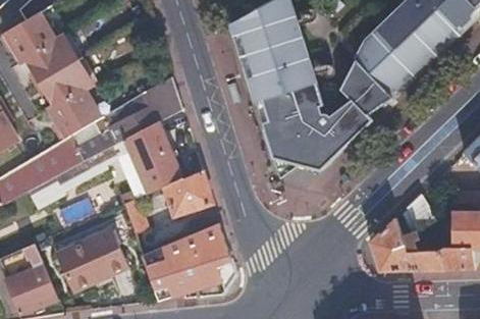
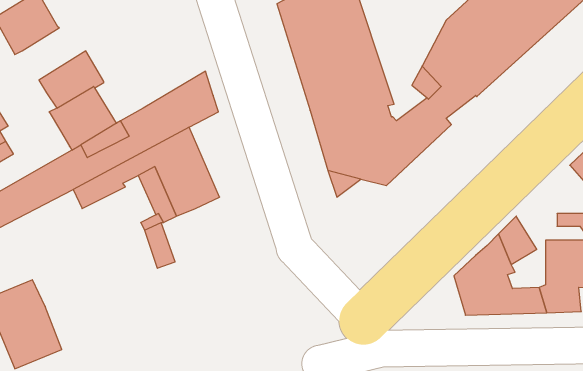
building: [26,37,77,84] -> none
building: [165,169,213,216] -> none
building: [142,221,237,301] -> none
building: [57,227,130,291] -> none

